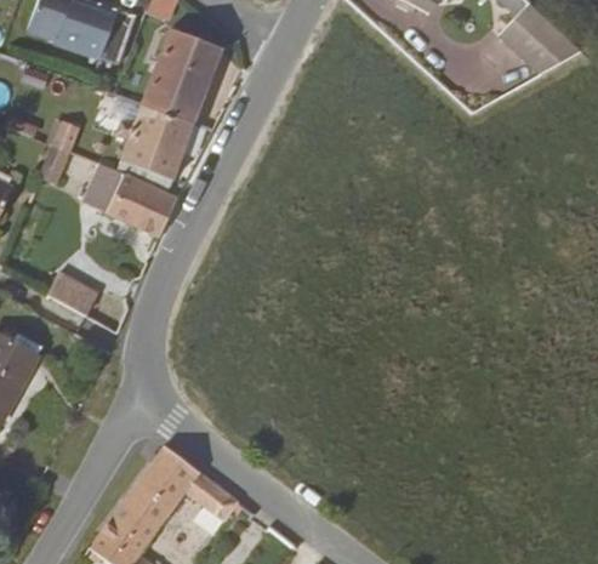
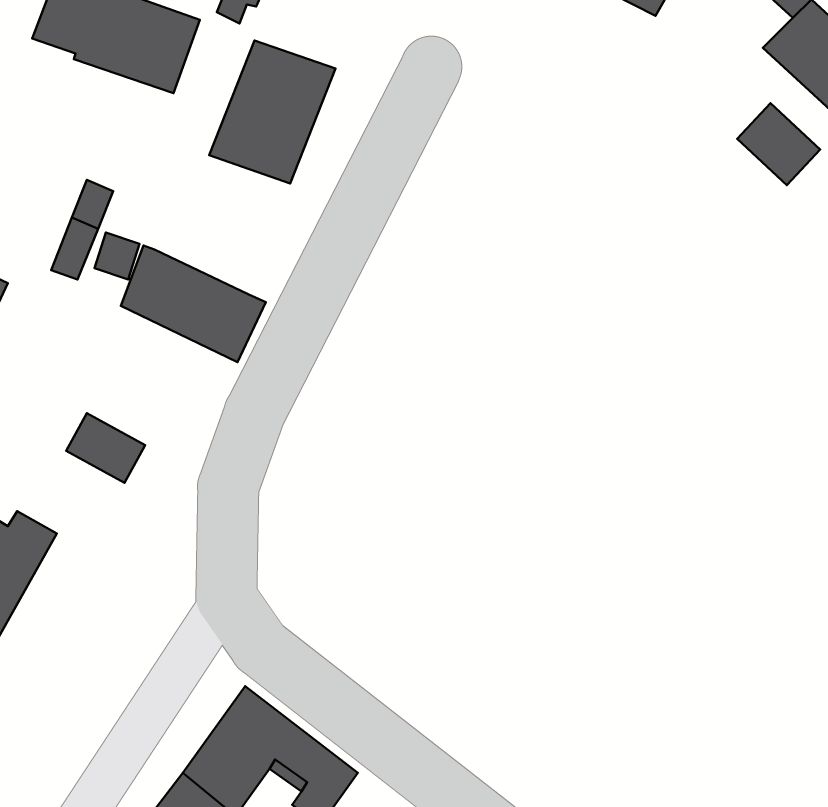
building: none -> [737,103,820,185]
building: [115,103,193,193] -> none

